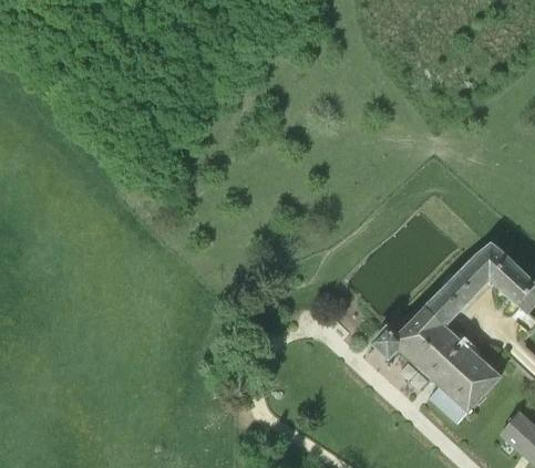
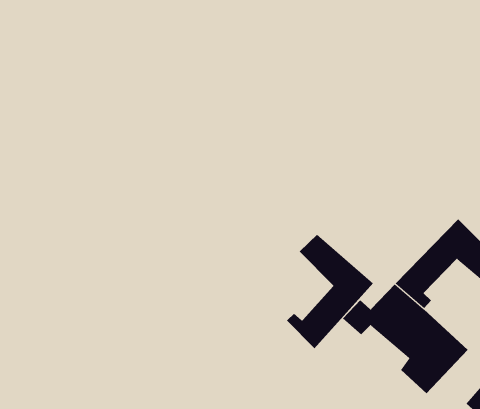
building: none -> [286,234,374,349]

